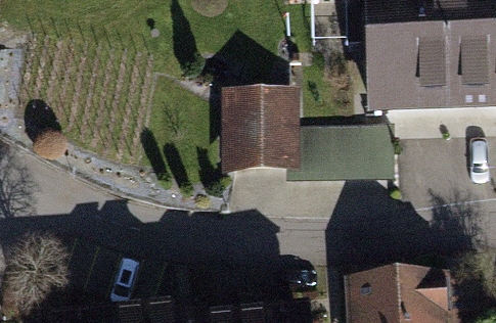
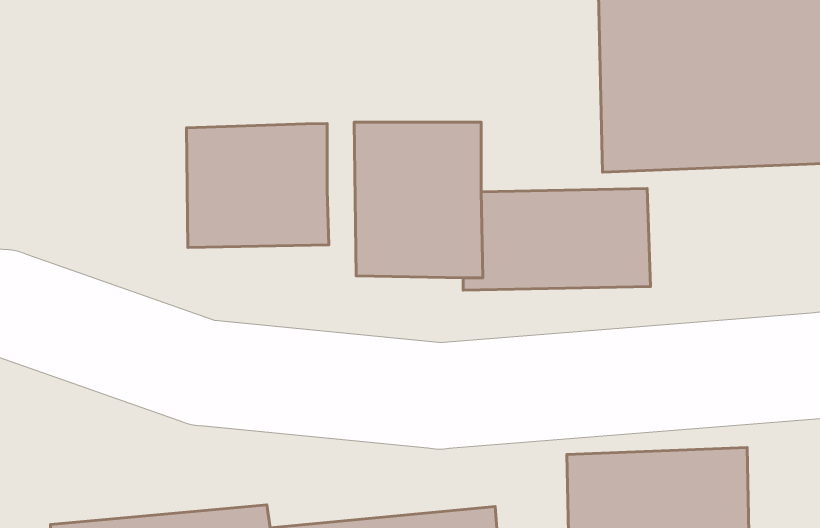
building: none -> [186,124,329,248]

